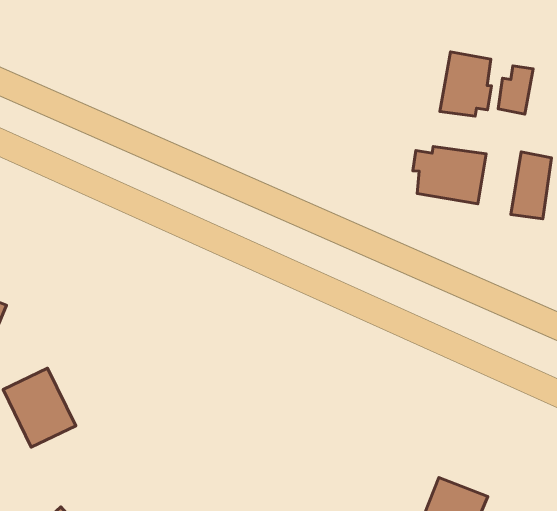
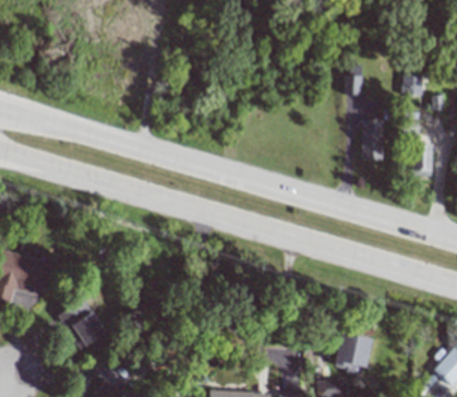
building: [440,52,491,116] -> none
building: [413,146,486,204] -> none

